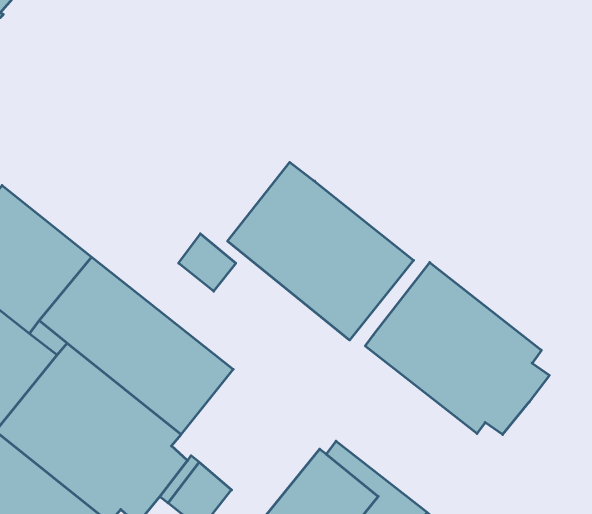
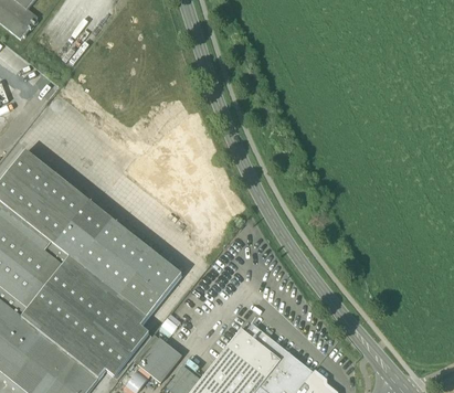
building: [228,162,414,340] -> none
building: [179,234,236,291] -> none
building: [365,262,549,435] -> none

